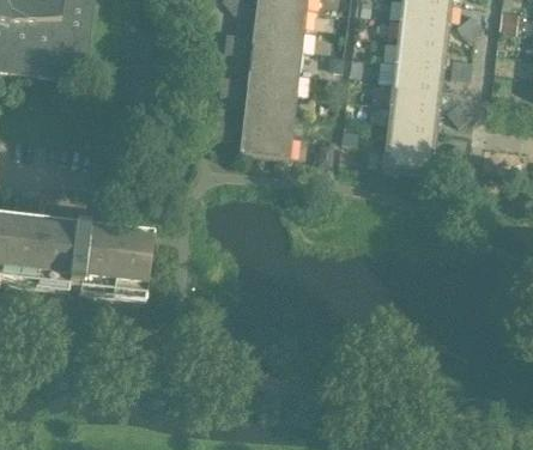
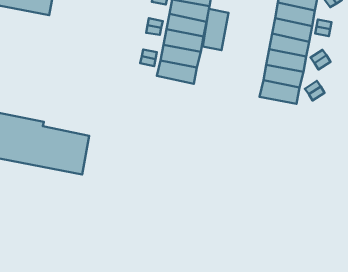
building: none -> [203,9,229,50]

